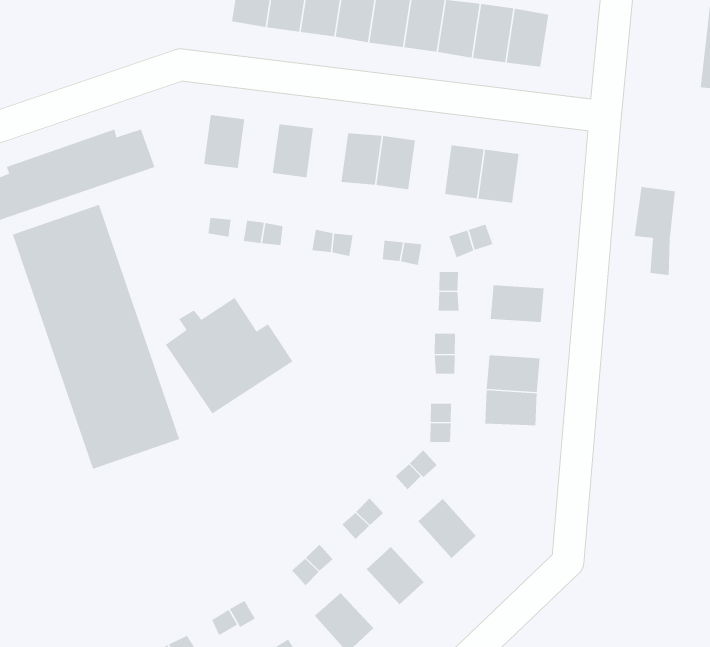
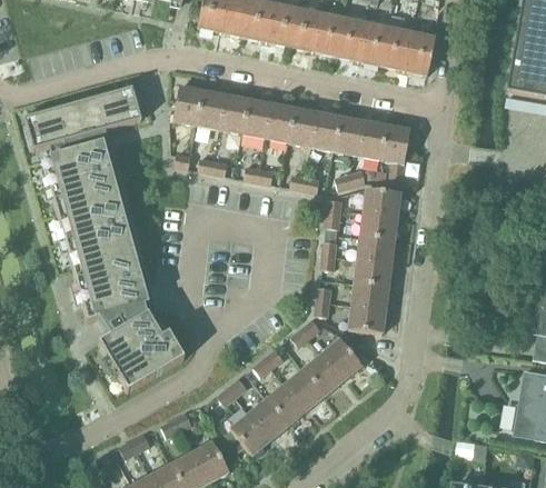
building: none -> [405,33,436,74]
building: none -> [198,91,227,129]
building: none -> [244,100,272,138]
building: none -> [311,112,341,150]
building: [634,186,676,276] -> [380,126,410,187]
building: none -> [364,189,400,217]
building: [165,297,294,414] -> [99,313,185,391]
building: none -> [358,236,395,263]
building: none -> [349,306,387,333]
building: none -> [321,339,360,380]
building: none -> [285,368,325,409]
building: none -> [249,398,288,438]

